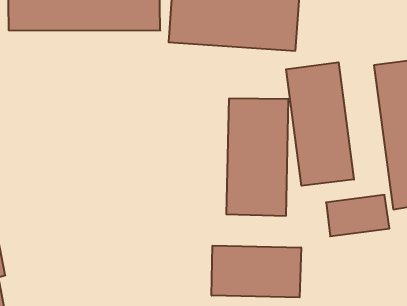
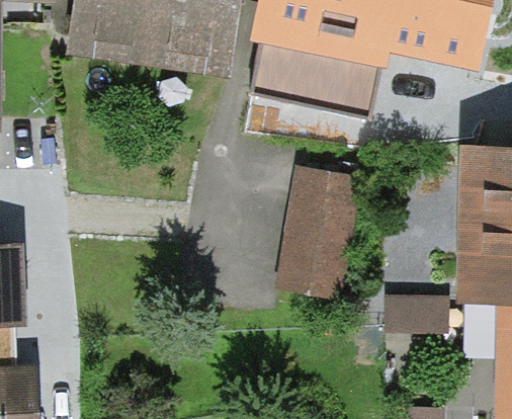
building: [286,62,354,186] -> none
building: [212,246,301,297] -> none

